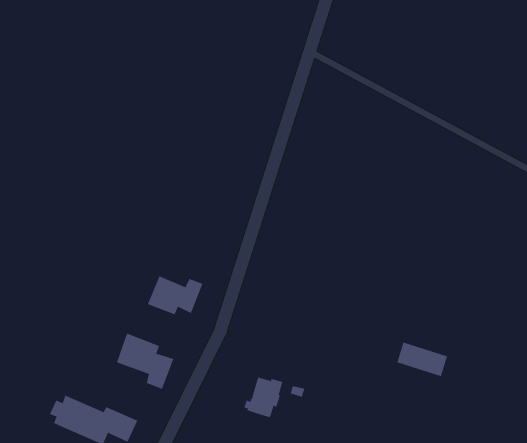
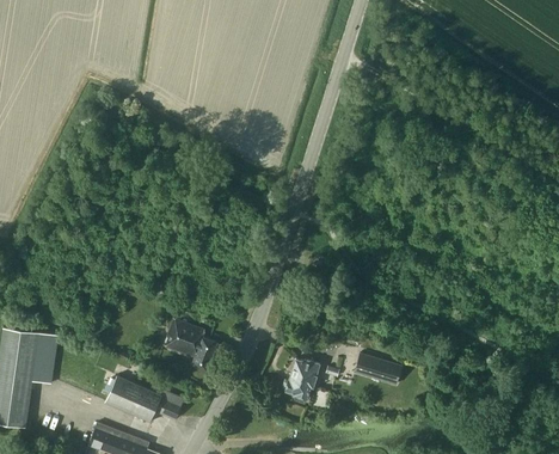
building: [147,276,203,315] -> none
building: [397,342,448,377] -> [355,352,403,385]

